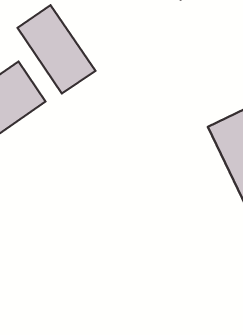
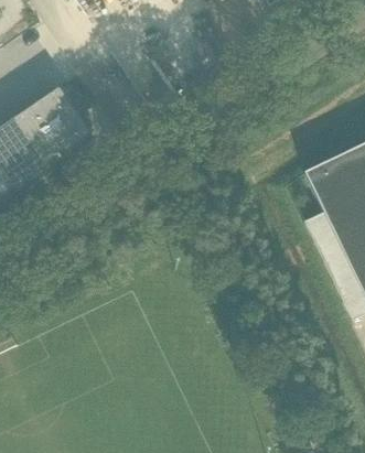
building: [17,5,96,94] -> none

